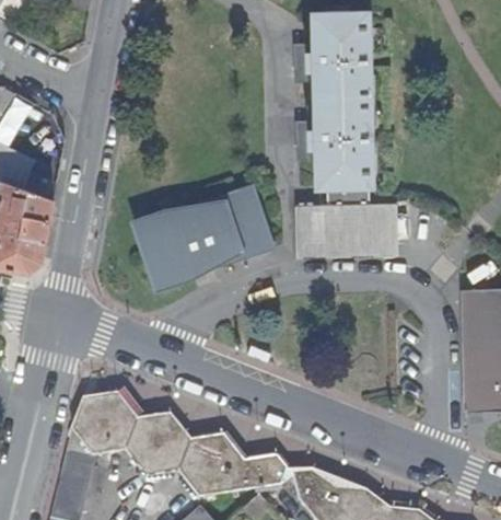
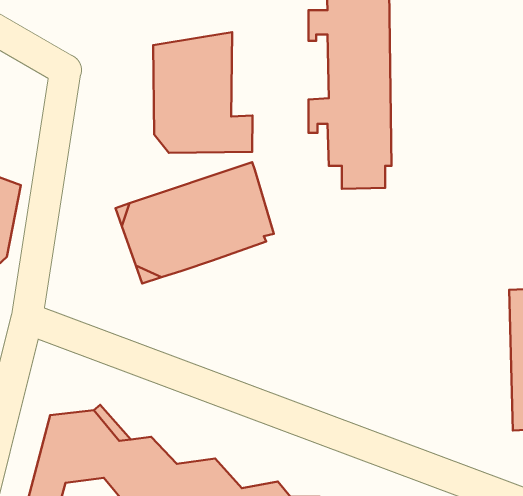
building: none -> [153,32,252,153]
building: [298,205,396,247] -> none

